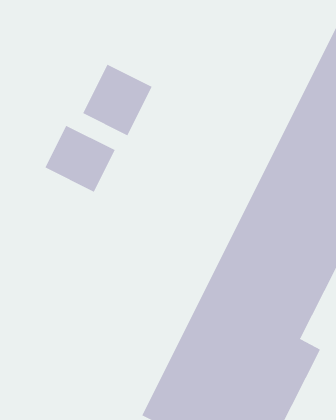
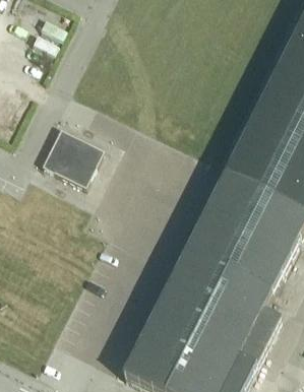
building: [82,64,152,136] -> none

